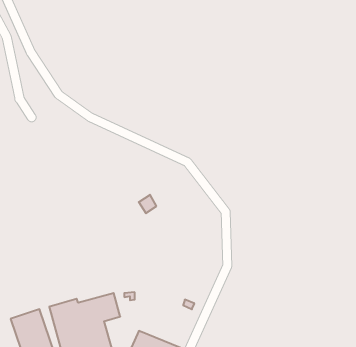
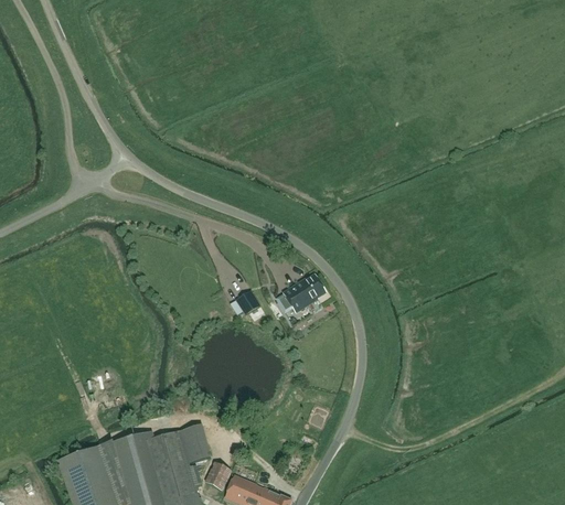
building: none -> [280,273,324,312]
building: none -> [203,461,231,490]

